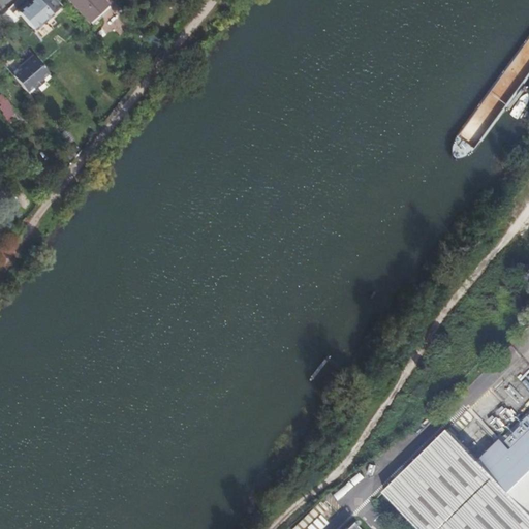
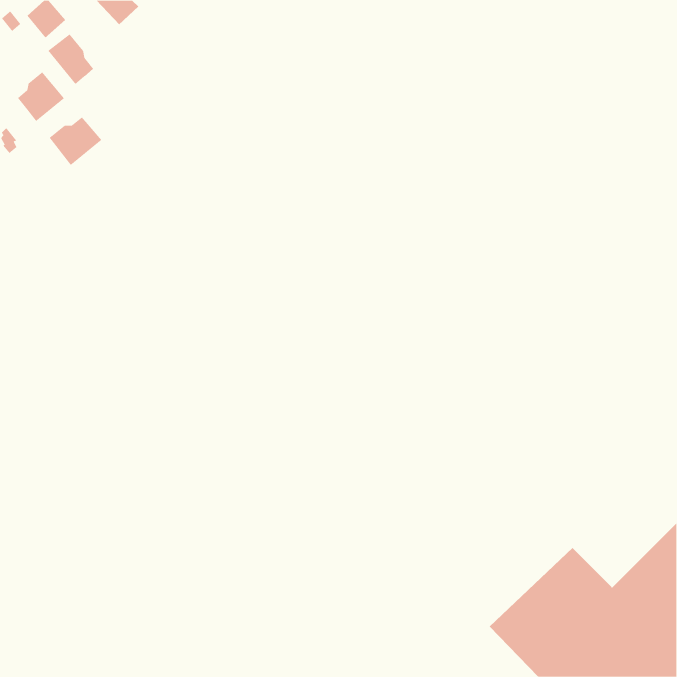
building: none -> [48,33,94,85]
building: none -> [49,117,102,166]

